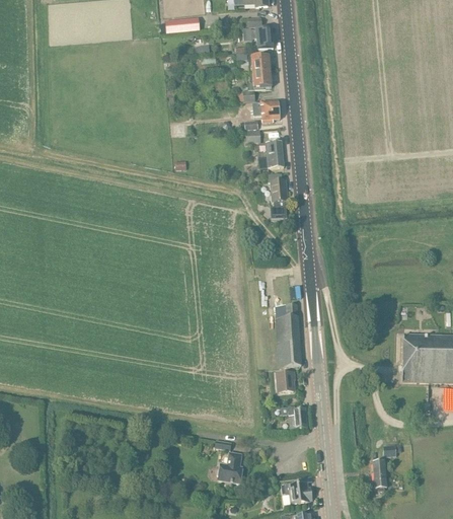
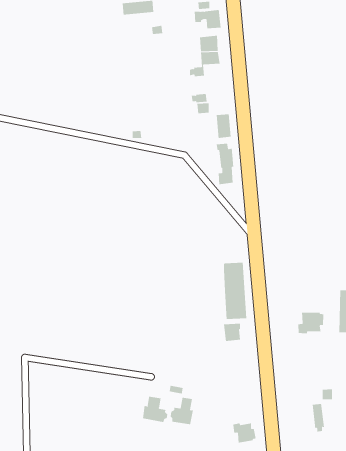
building: [260,99,280,123] -> none
building: none -> [296,312,324,334]
building: [281,404,307,428] -> none
building: none -> [142,396,168,423]

